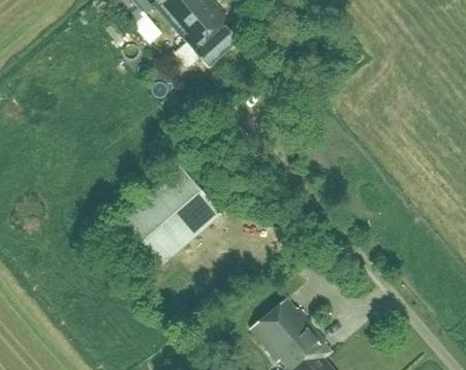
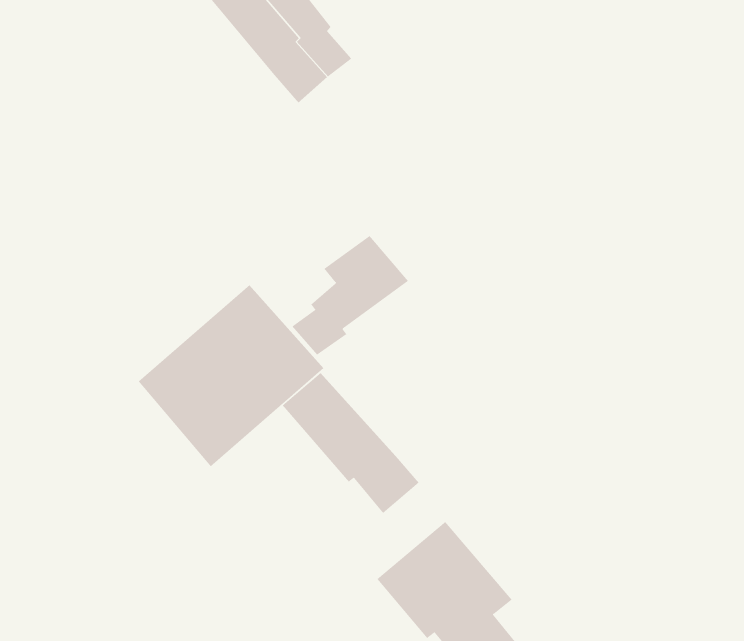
building: none -> [292,235,409,355]
building: none -> [282,372,419,514]

